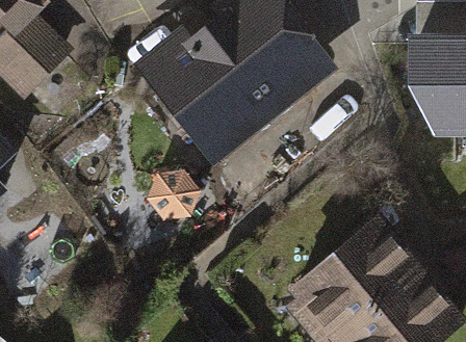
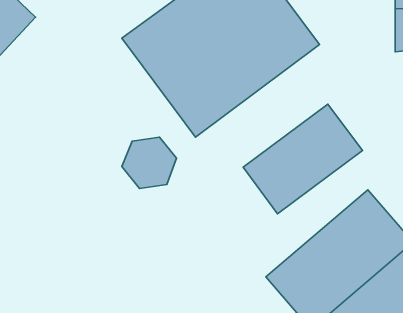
building: none -> [243,104,362,214]

